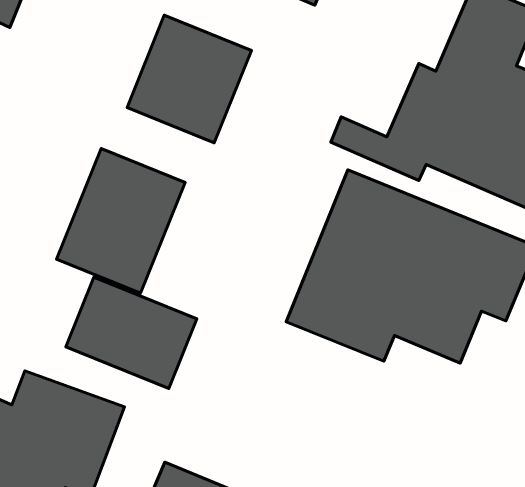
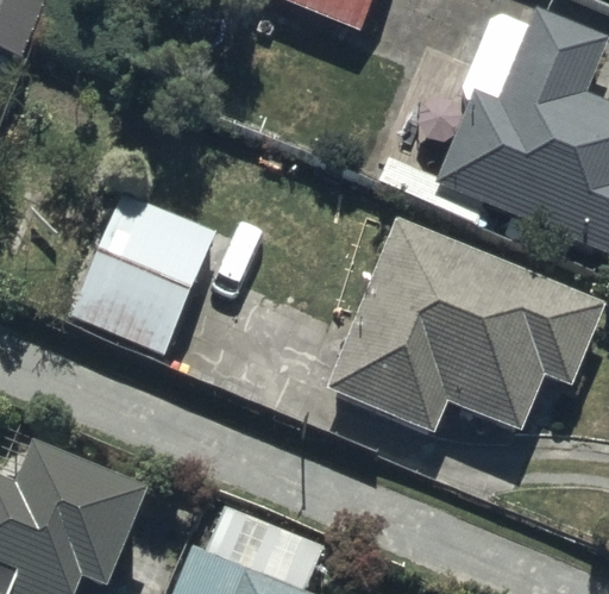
building: [127,15,252,143] -> none
building: [66,277,197,388] -> none

